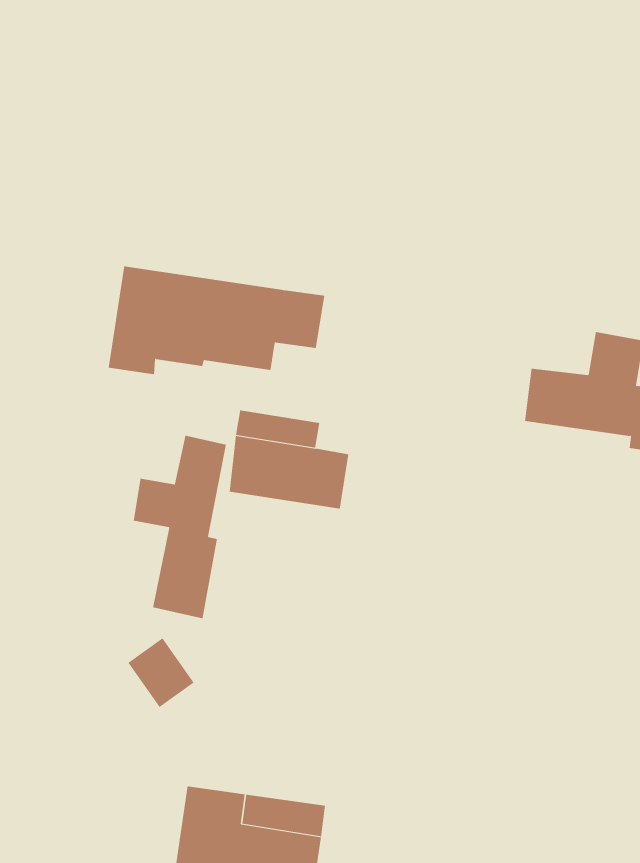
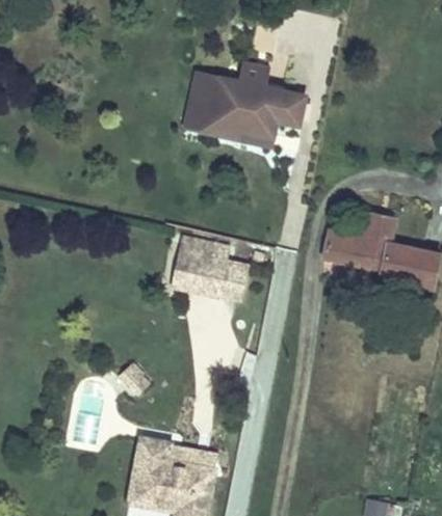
building: [108,266,325,375] -> [180,73,298,133]
building: [133,435,226,619] -> none

